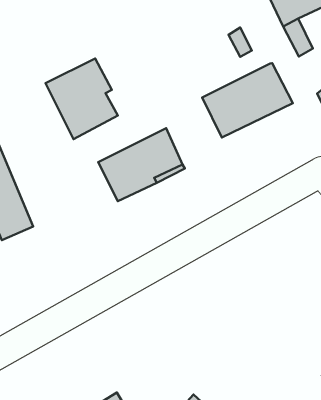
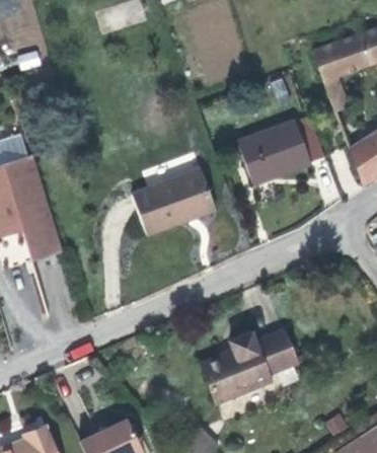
building: [46,59,118,139] -> none
building: none -> [201,330,296,401]

